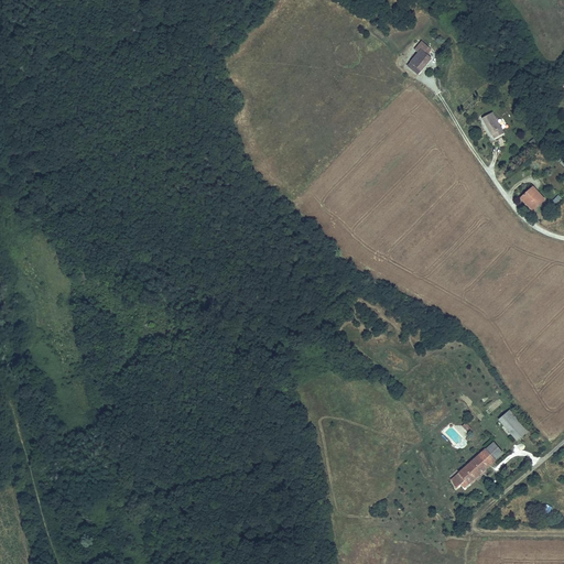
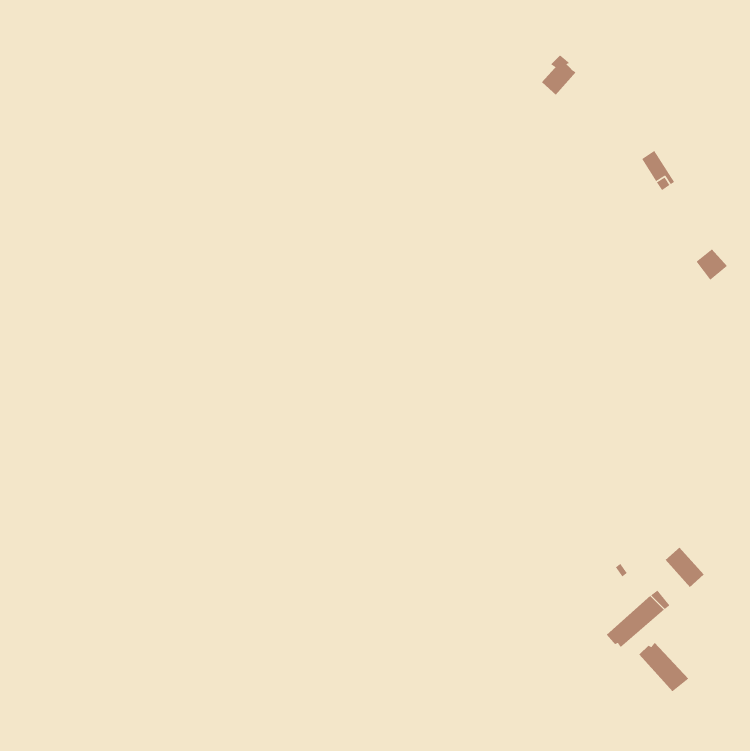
building: none -> [639,642,689,692]

